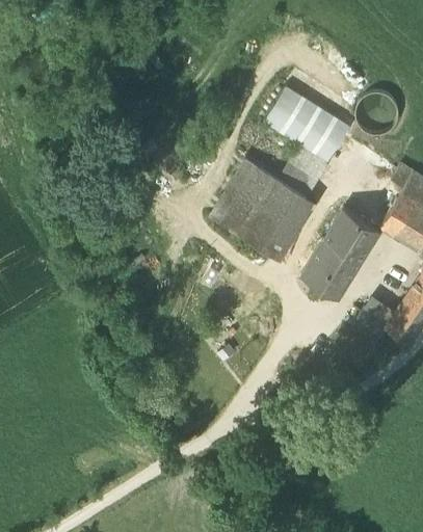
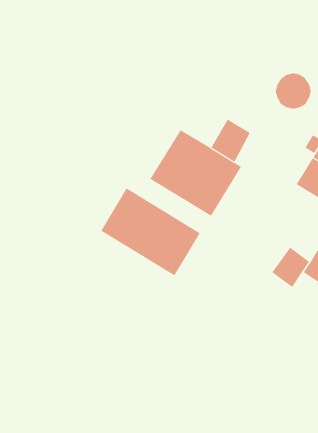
building: [265,86,349,162] -> none
building: [305,211,380,300] -> none
building: none -> [100,188,201,276]

